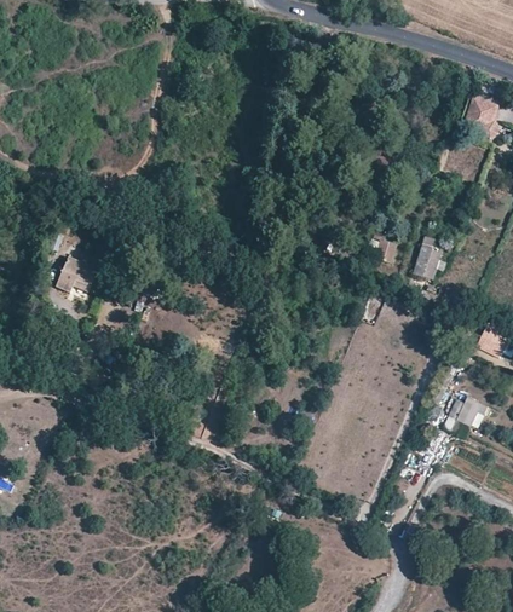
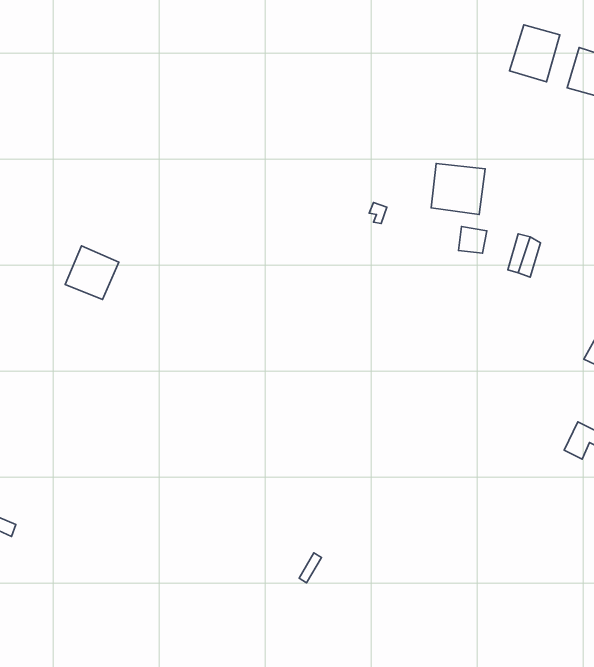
building: none -> [510,25,560,82]
building: none -> [431,164,485,215]

